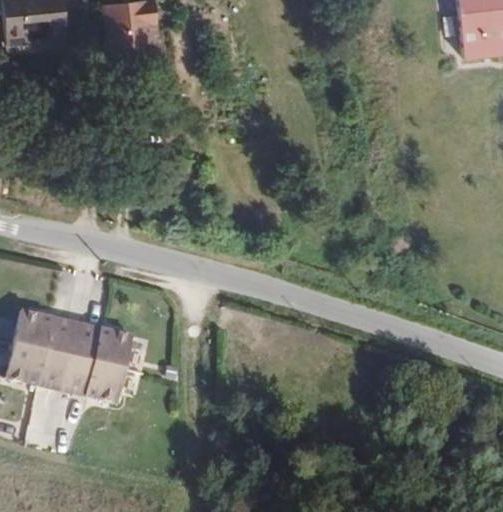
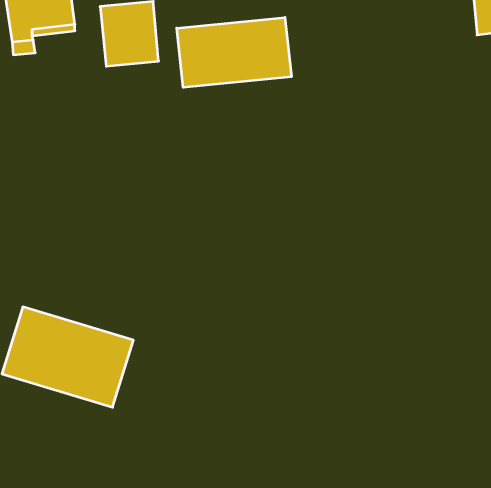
building: none -> [177,17,291,87]

